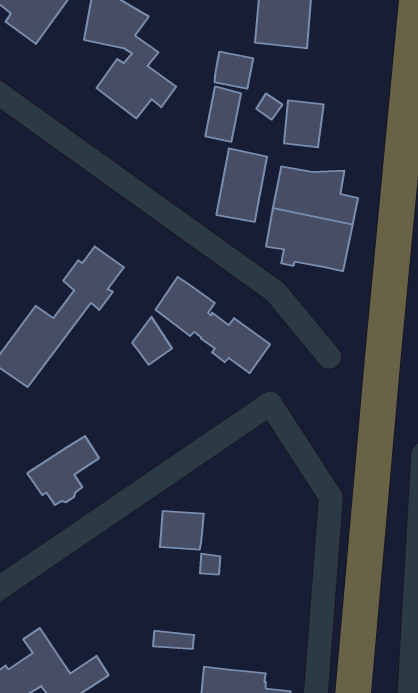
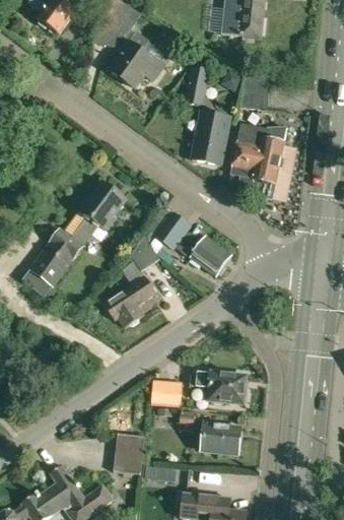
building: [215,52,253,89] -> none
building: [27,436,99,505] -> [104,276,156,327]
building: none -> [197,371,246,403]
building: none -> [201,420,240,454]
building: none -> [114,433,145,474]

